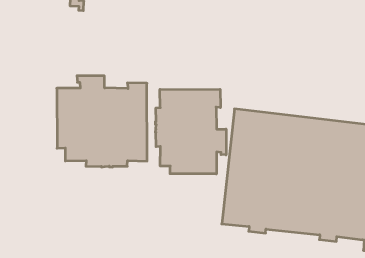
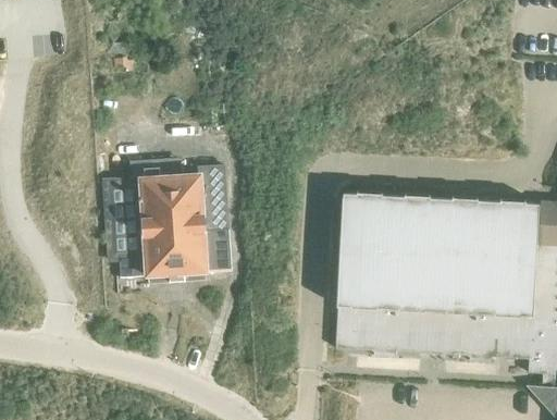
building: [155,89,226,174] -> none

